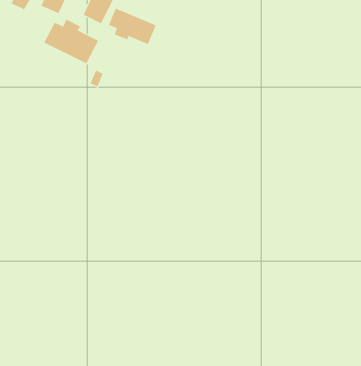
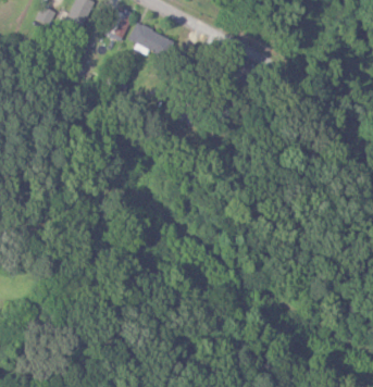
building: [44,19,99,64] -> none

